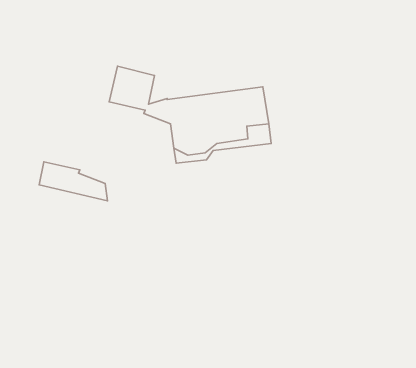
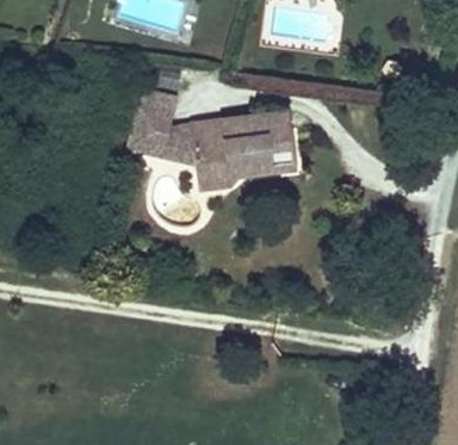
building: [39,162,107,201] -> [128,125,198,166]

